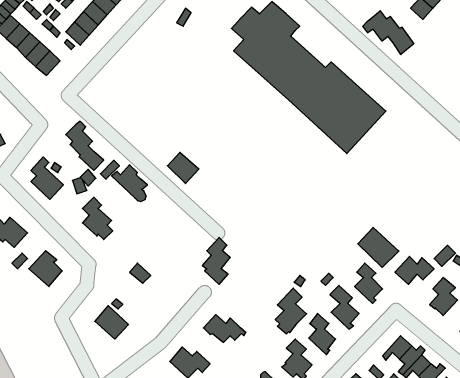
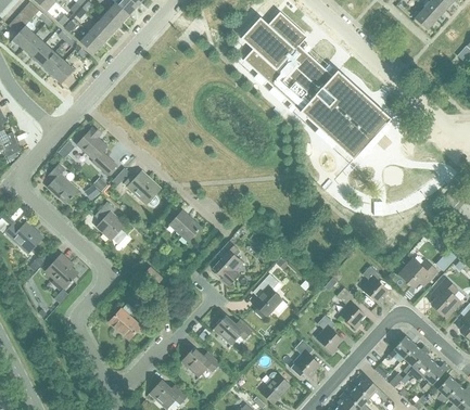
building: [363,11,414,55] -> none
building: [167,152,199,184] -> [170,212,201,242]
building: [358,227,399,267] -> none
building: [275,288,307,334] -> [252,273,282,318]

